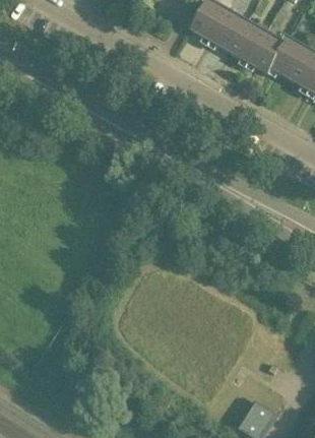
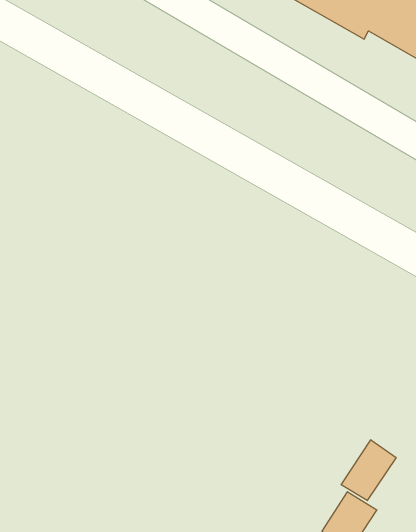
building: none -> [341,440,396,501]

